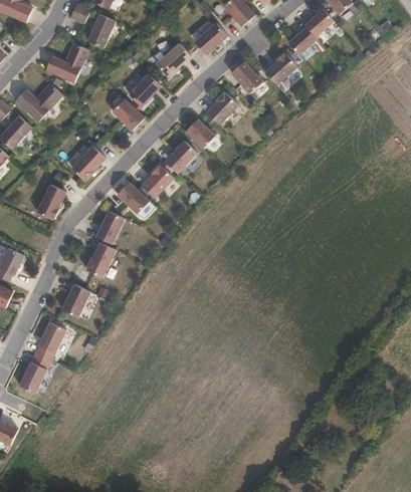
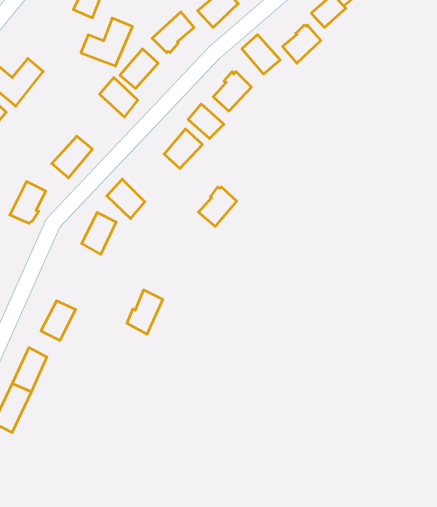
building: [45,40,88,80] -> [81,18,132,66]
building: [141,166,173,199] -> [198,187,237,226]
building: [84,242,115,279] -> [127,290,163,334]

